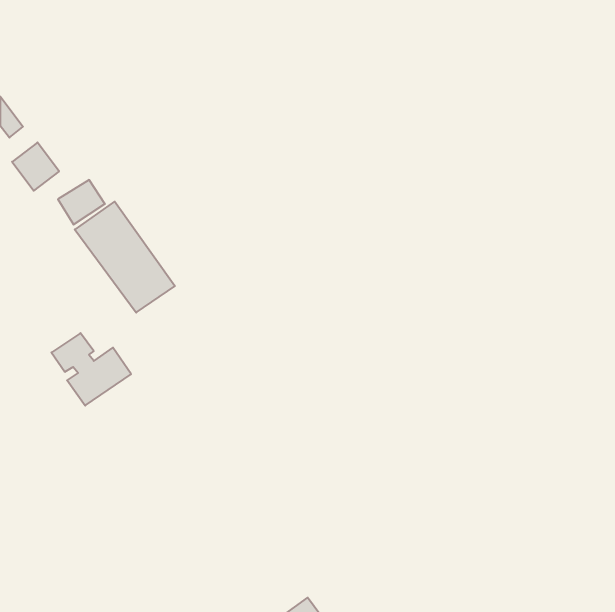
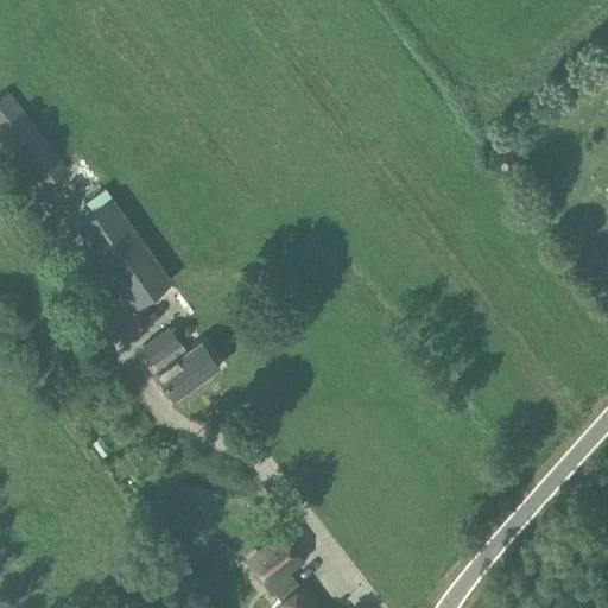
building: [51,333,131,406] -> [141,331,220,403]
building: none -> [246,537,305,594]

